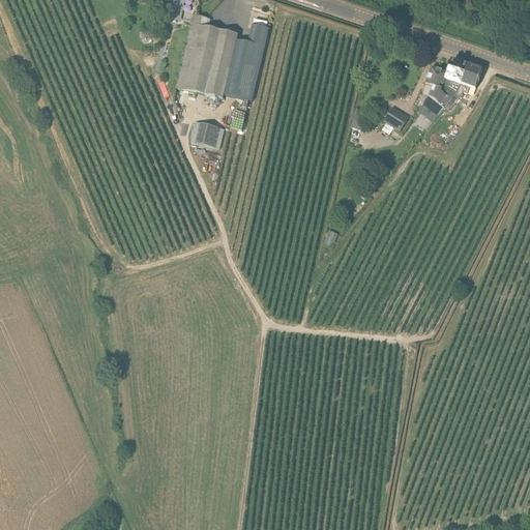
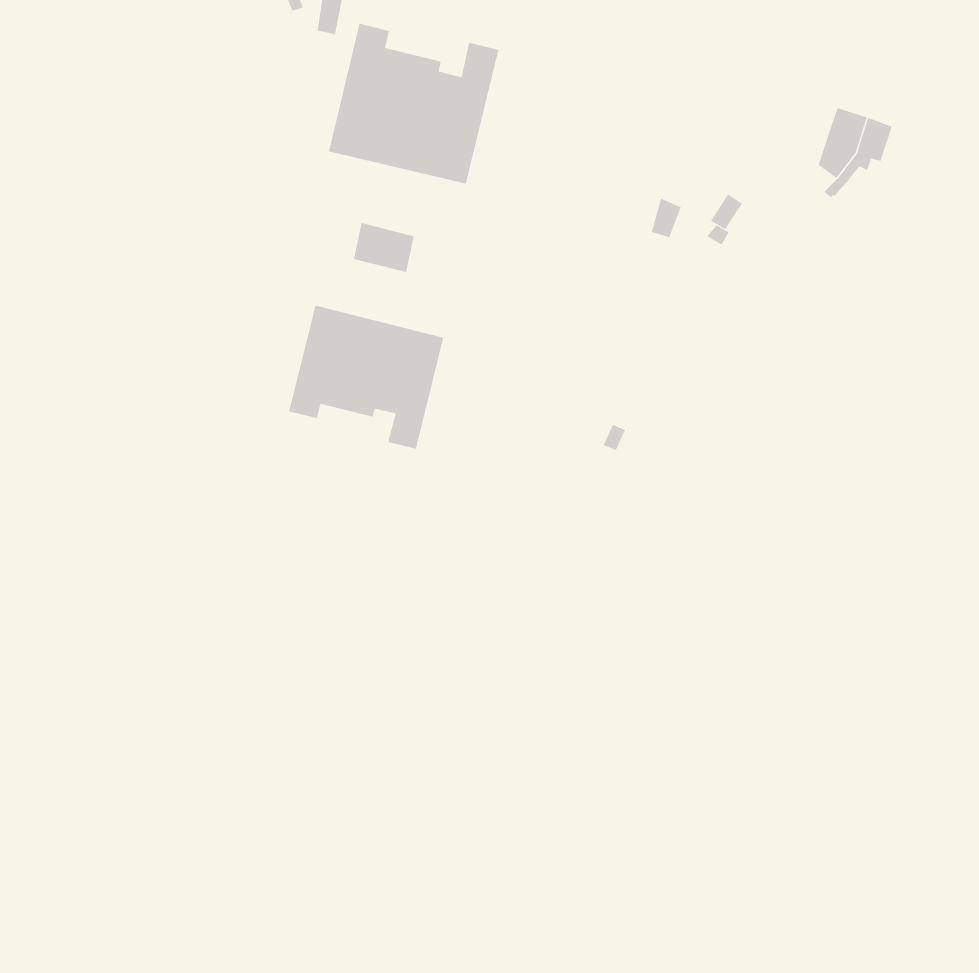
building: [423,65,452,113] -> none
building: none -> [288,305,444,449]

